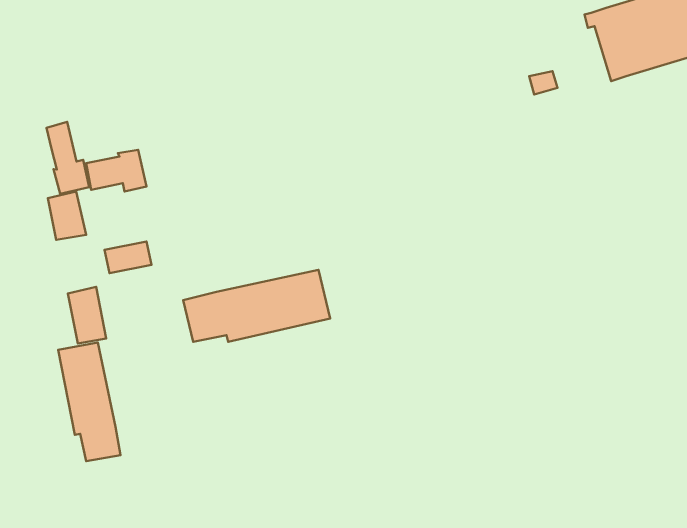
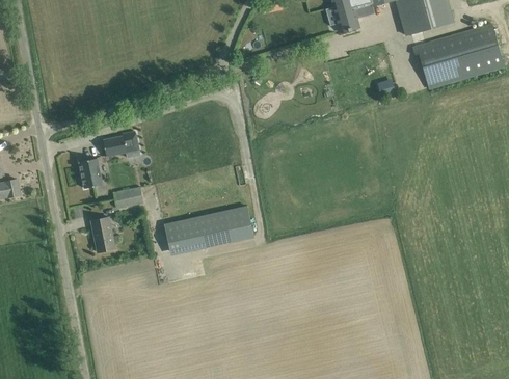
building: [47,122,89,194] -> none
building: [58,343,120,461] -> none

